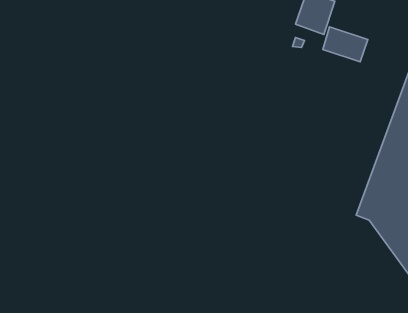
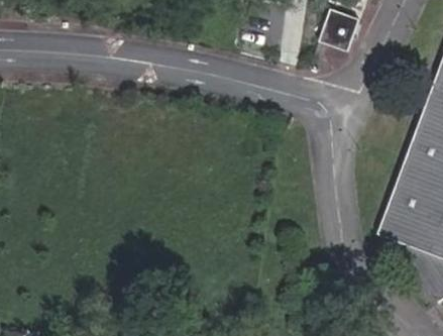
building: [323,27,368,62] -> none

